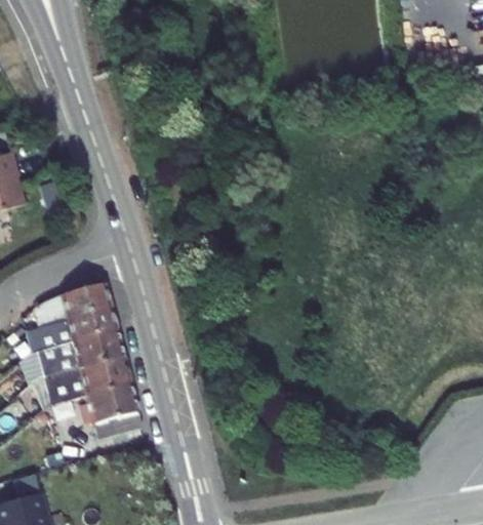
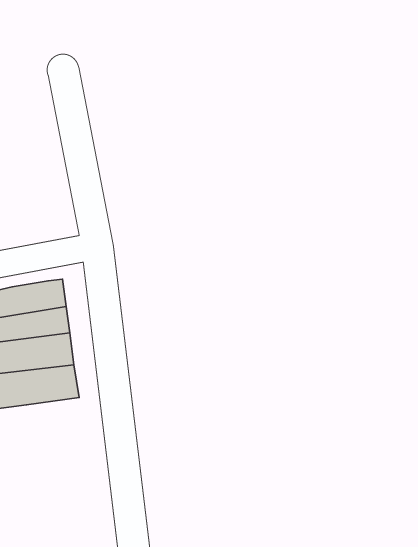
building: [84,385,140,441] -> none

